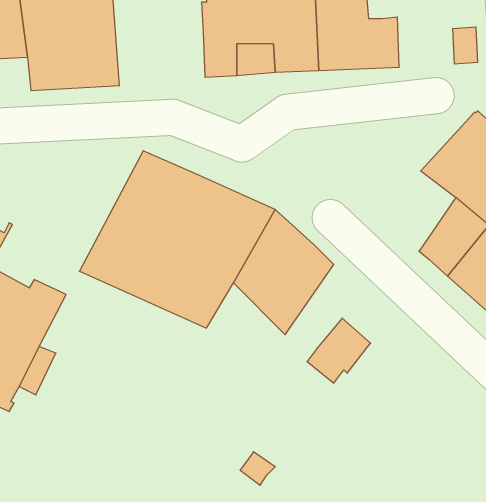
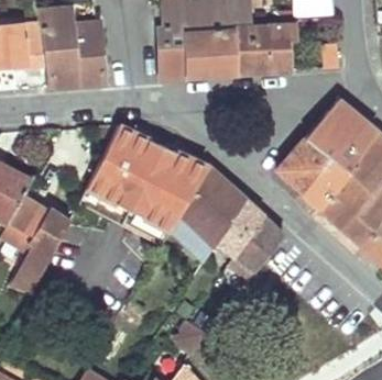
building: none -> [277,138,326,191]
building: none -> [216,200,264,255]

